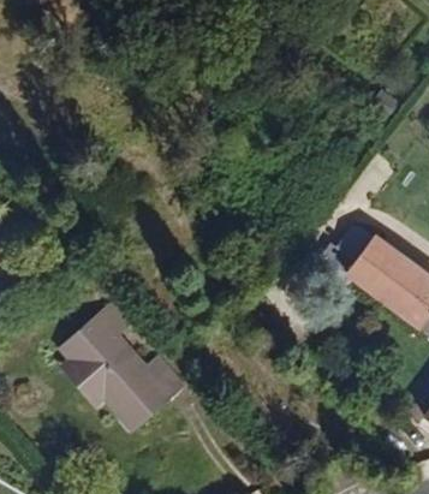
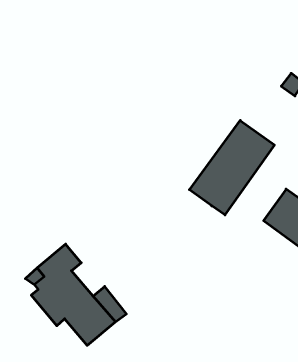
building: none -> [189,120,274,215]

